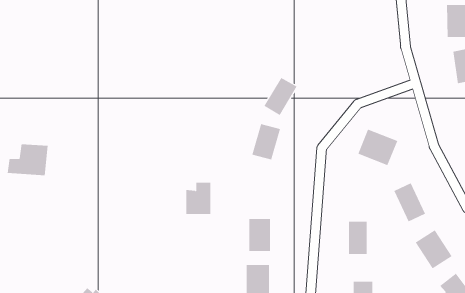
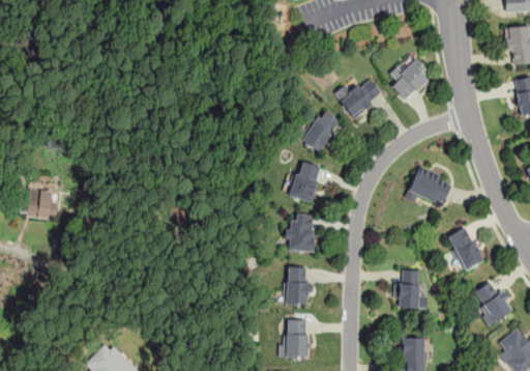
building: none -> [391,60,433,102]
building: none -> [334,78,384,119]
building: [185,182,211,214] -> [286,215,315,251]

